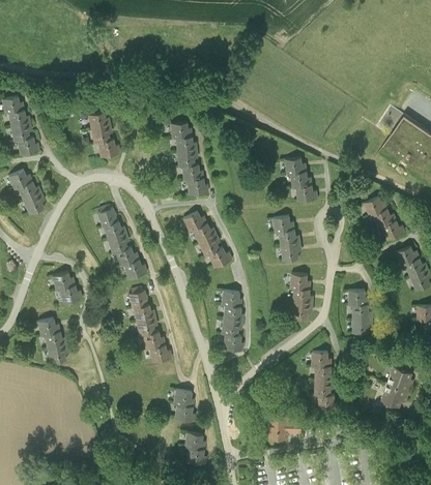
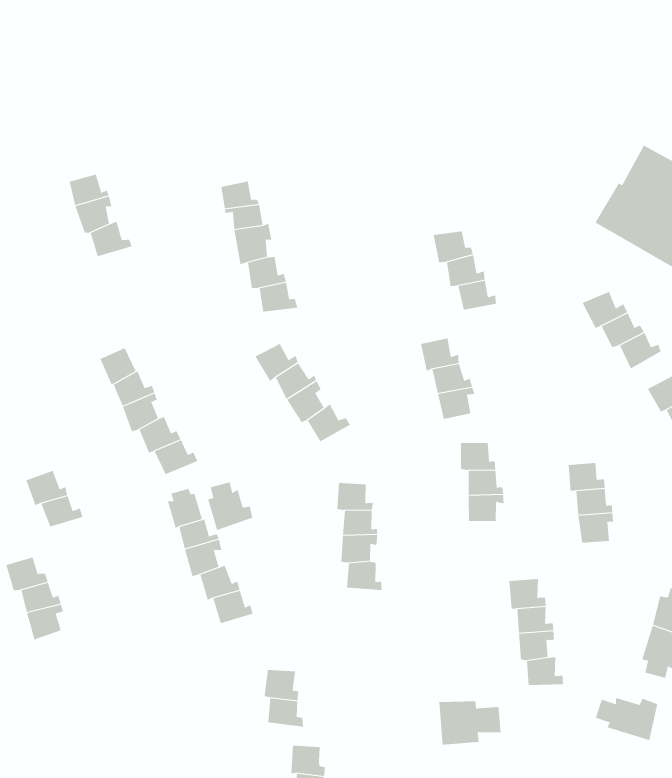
building: none -> [207,481,253,531]
building: none -> [595,697,658,741]

